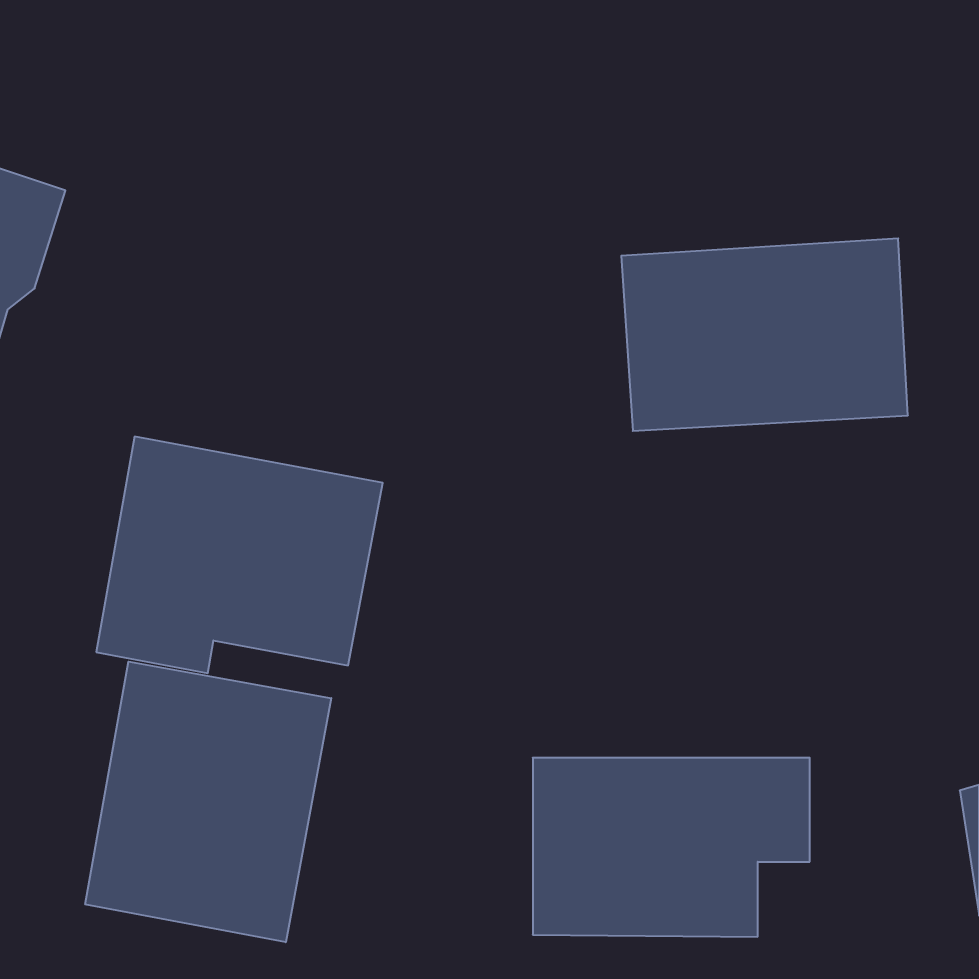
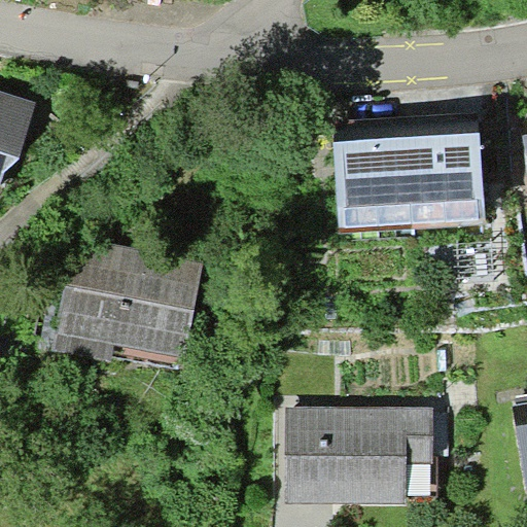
building: [85,662,331,942] -> none

